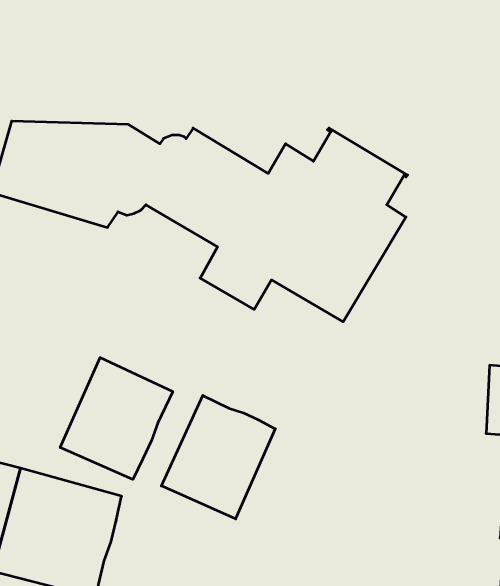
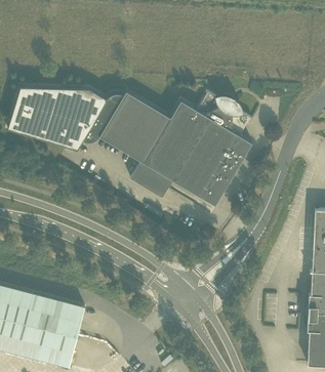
building: [60,358,173,479] -> none
building: [161,395,275,519] -> none

